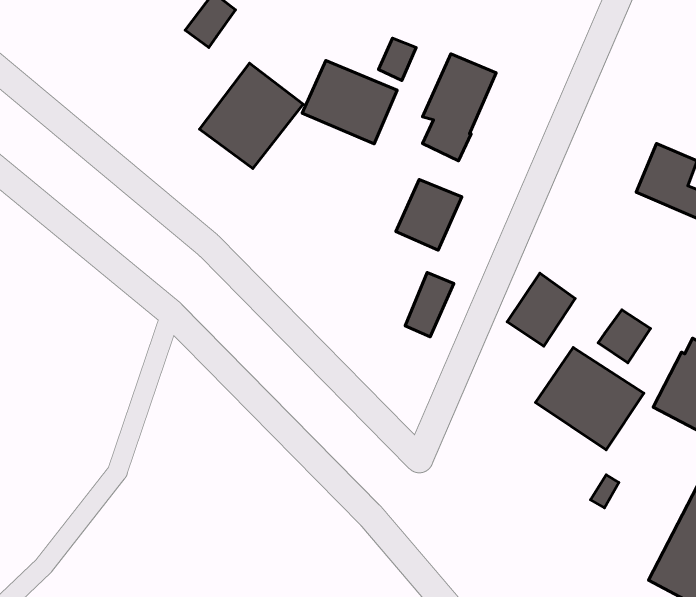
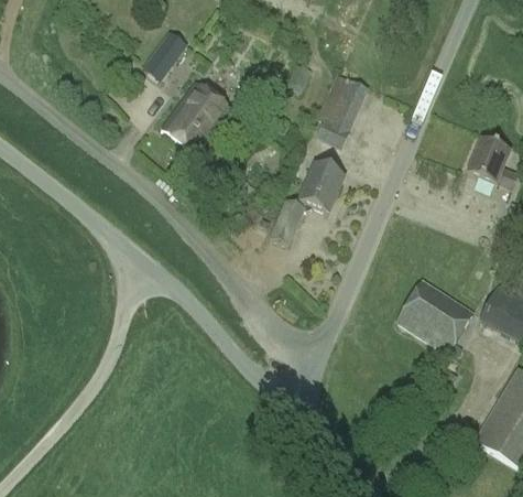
building: [302,60,397,144] -> none
building: [405,273,454,337] -> [270,198,304,244]
building: [507,273,575,346] -> none
building: [598,310,651,363] -> none

